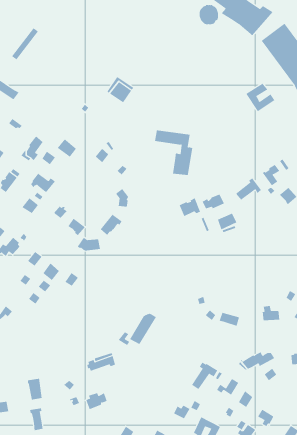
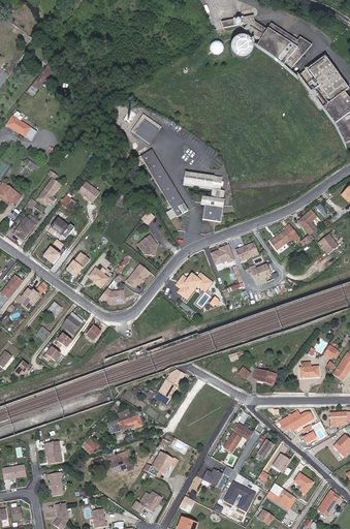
building: [245,83,275,112] -> none
building: none -> [134,150,188,218]
building: none -> [178,274,212,299]
building: none -> [144,453,179,477]

